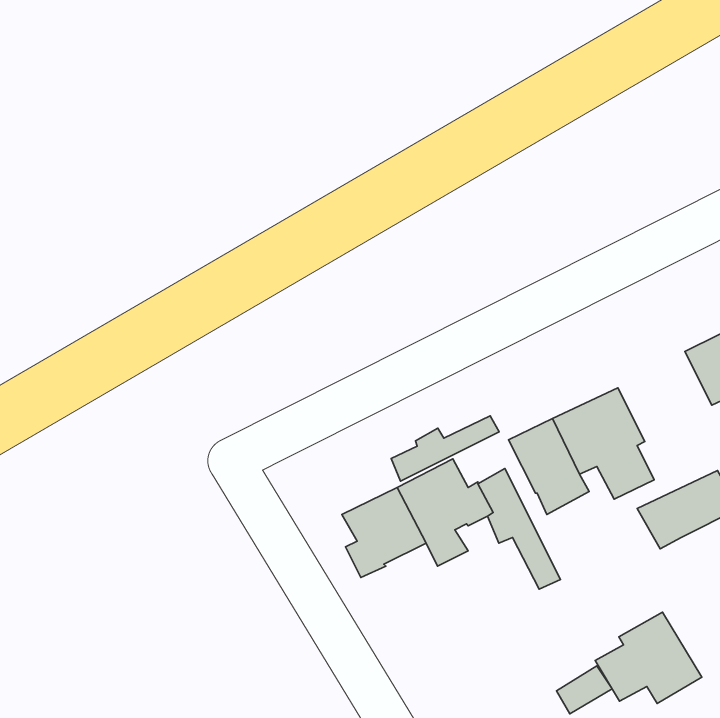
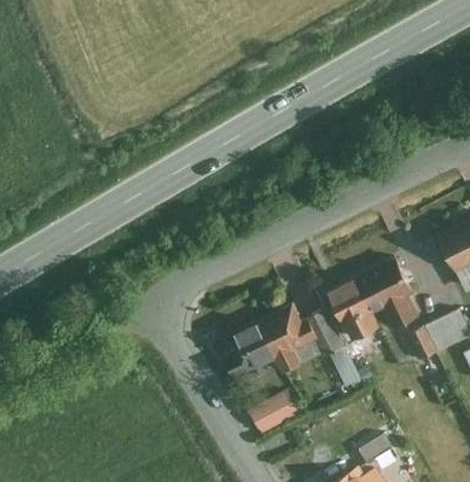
building: [391,416,499,481] -> none
building: none -> [242,385,295,434]
building: [595,612,702,704] -> none

